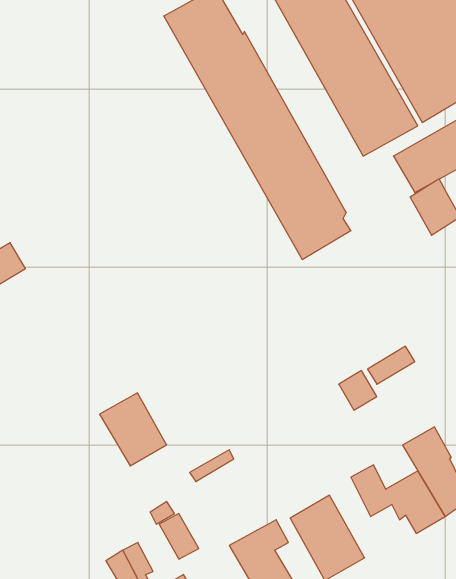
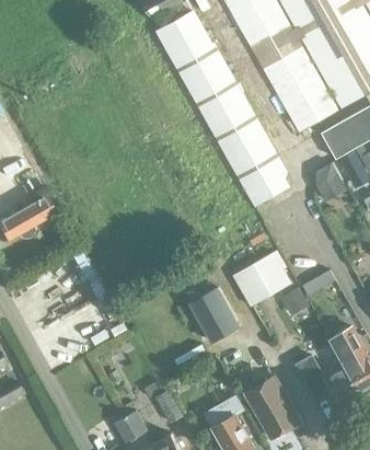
building: none -> [313,162,348,203]
building: none -> [233,253,291,307]
building: [100,393,167,466] -> [189,288,238,341]

